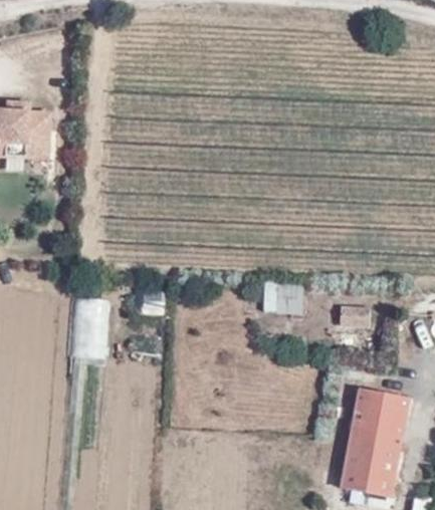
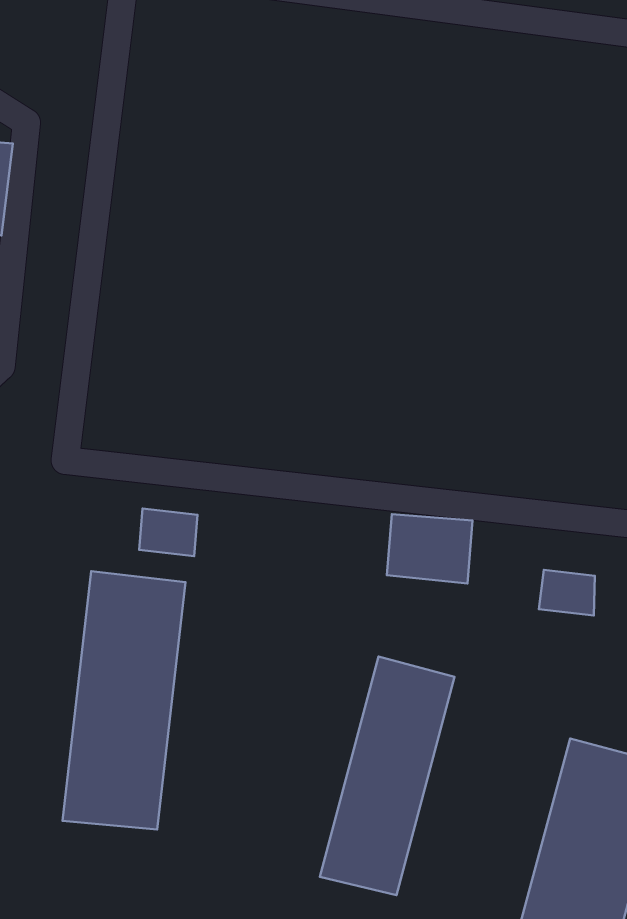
building: none -> [62,571,185,829]
building: none -> [320,657,455,895]

